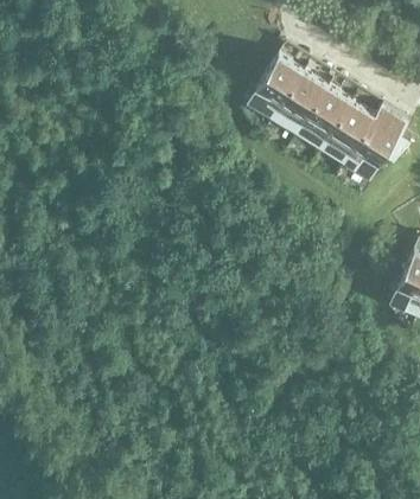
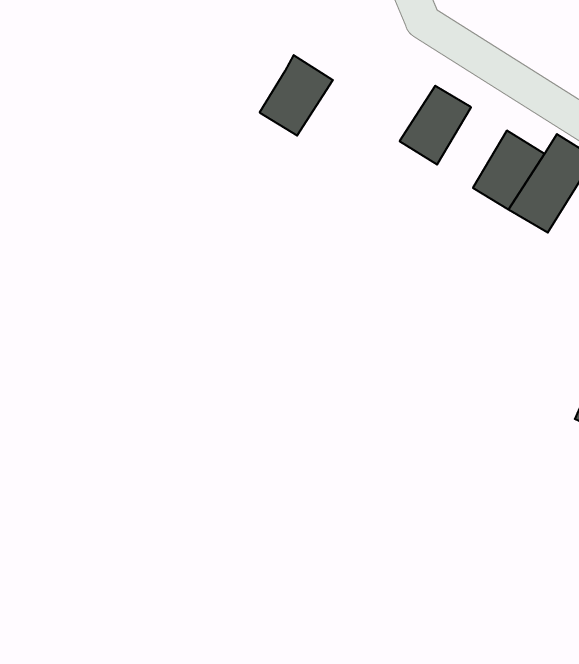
building: [253,60,301,114] -> [260,55,333,136]
building: [303,91,349,145] -> none

